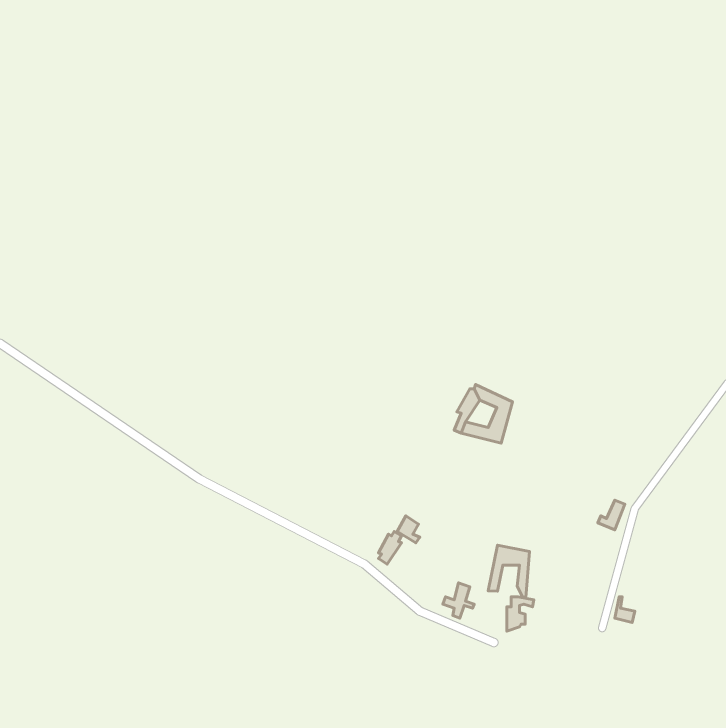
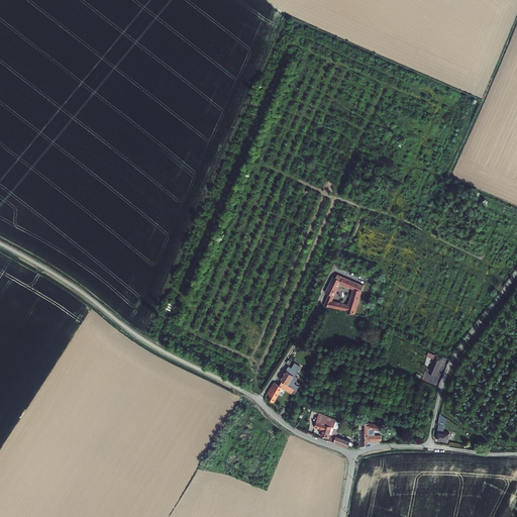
building: [488,545,529,597] -> none

